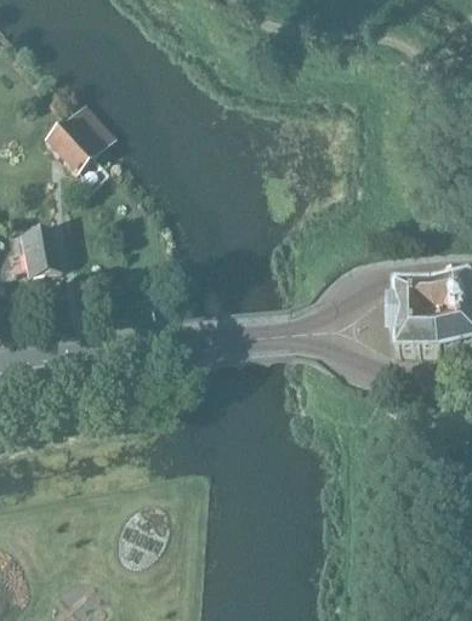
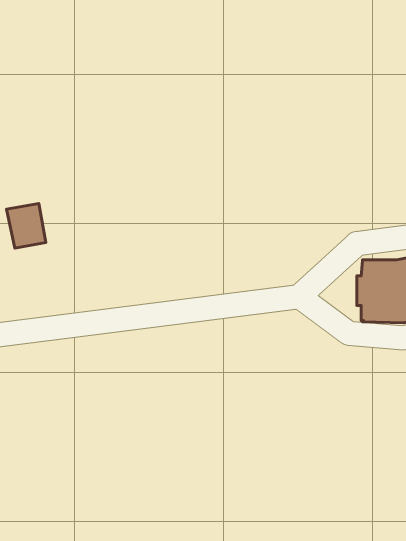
building: [53,113,104,165] -> none

